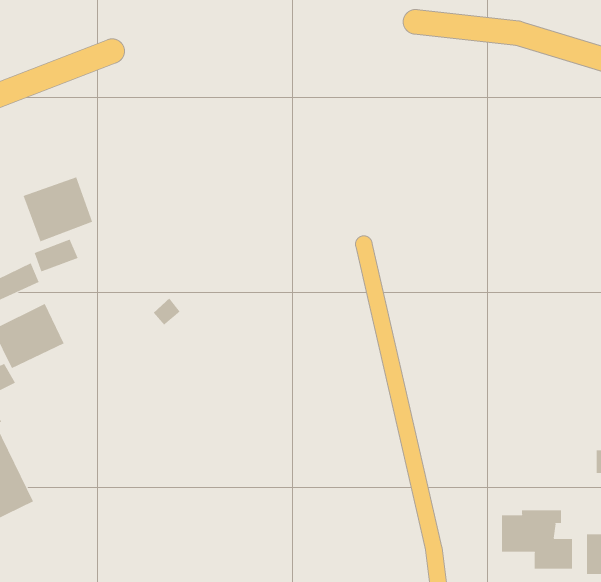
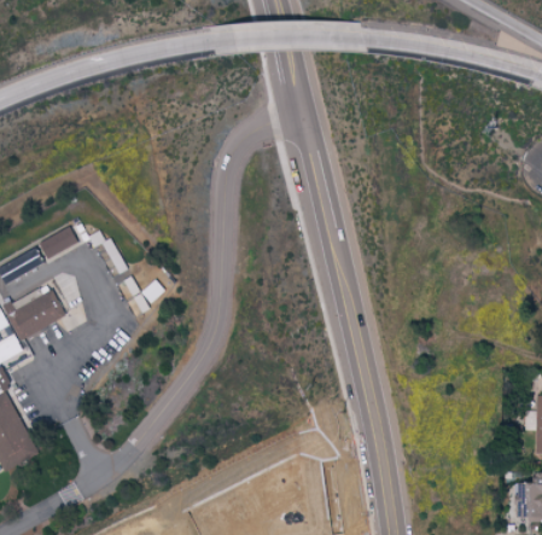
building: [23,177,93,242] -> none
building: [502,509,572,569] -> none

